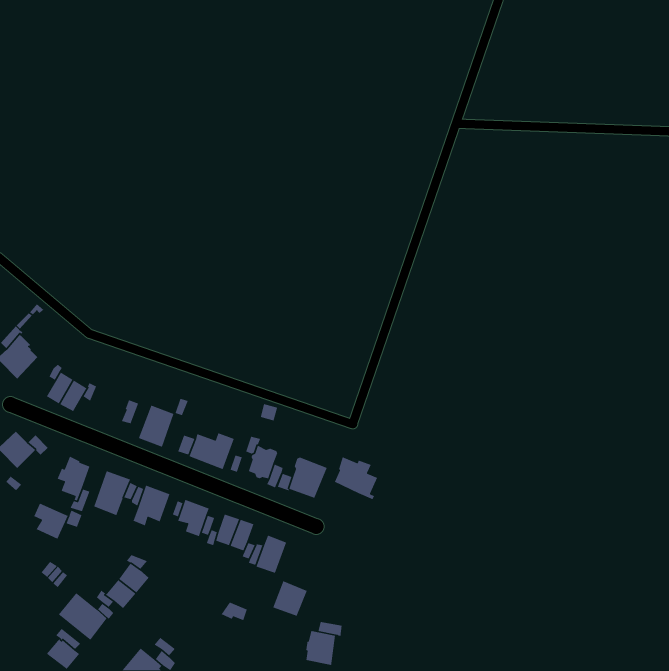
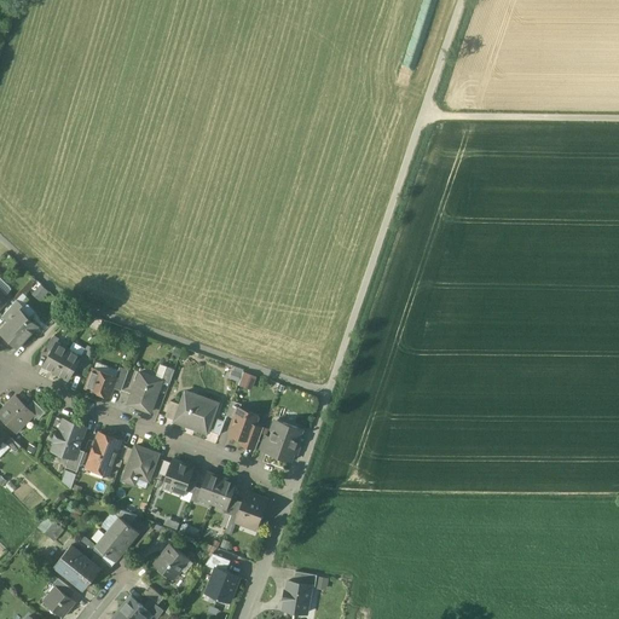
building: none -> [85,369,116,397]
building: [334,456,378,500] -> none
building: [33,502,69,540] -> none
building: [272,580,308,617] -> [206,568,238,602]
building: none -> [152,544,187,579]

